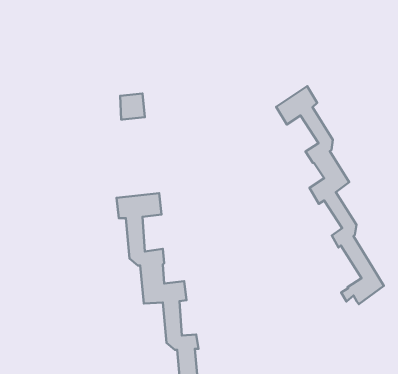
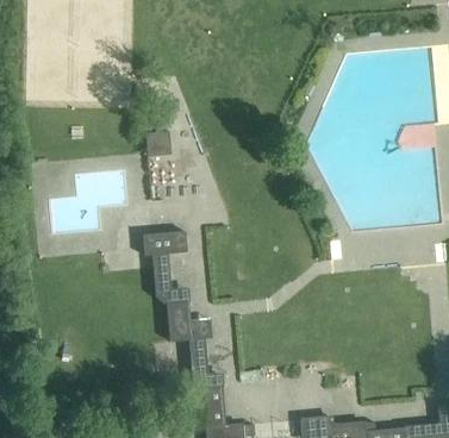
building: [276,86,384,304] -> none

